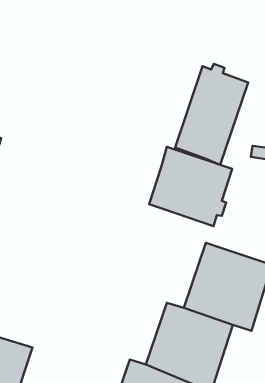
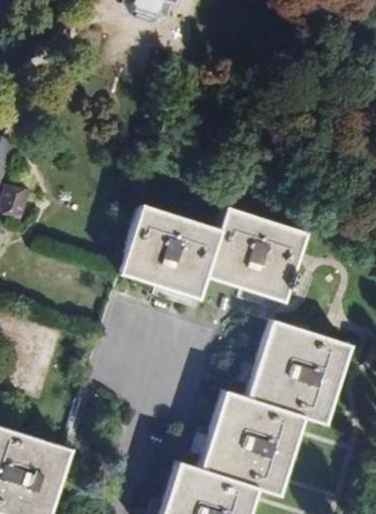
building: [175,64,248,165] -> none
building: none -> [120,203,218,296]

